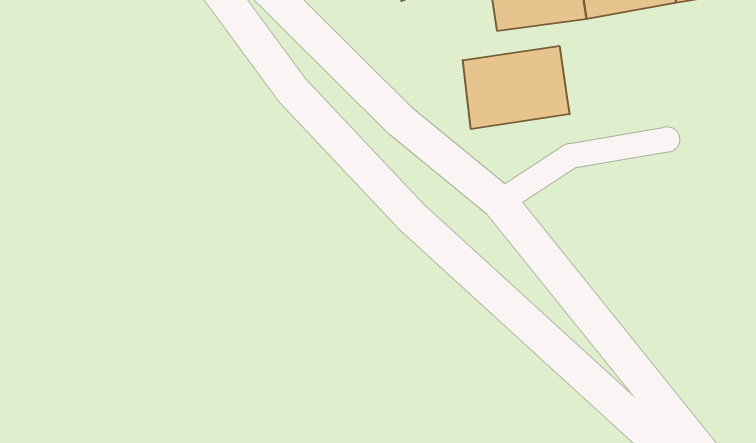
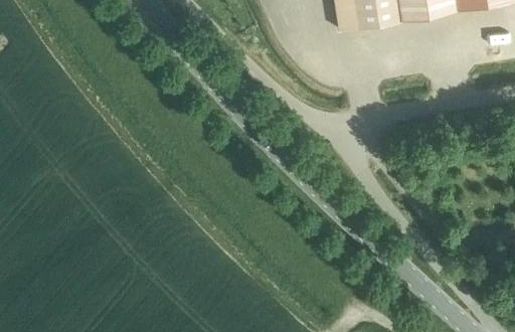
building: [463,46,570,129] -> none

